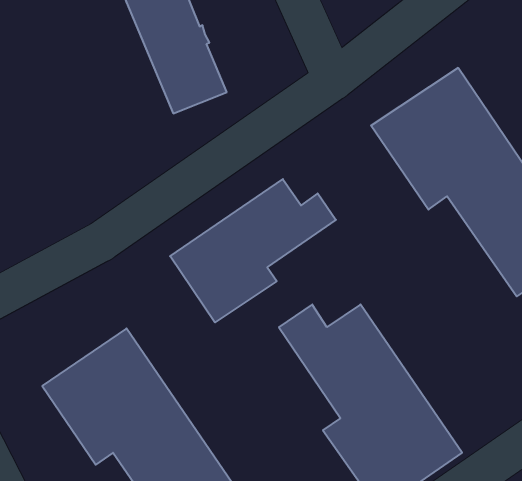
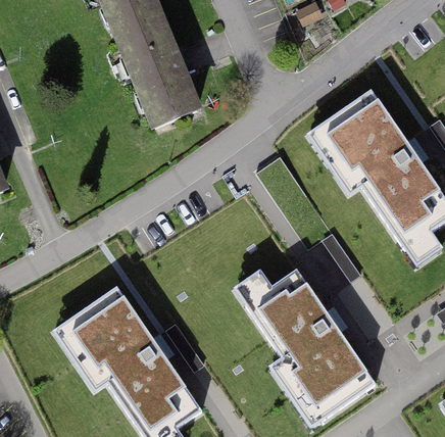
building: [170,179,336,322] -> none

